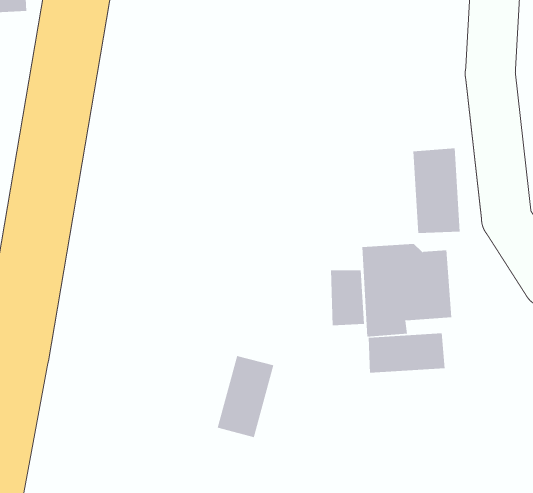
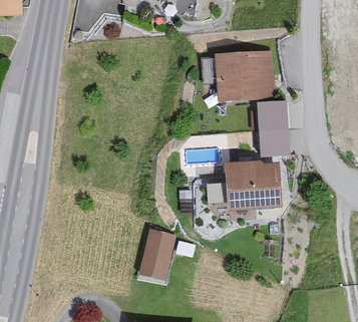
building: none -> [216,51,270,99]
building: [368,333,445,373] -> none

